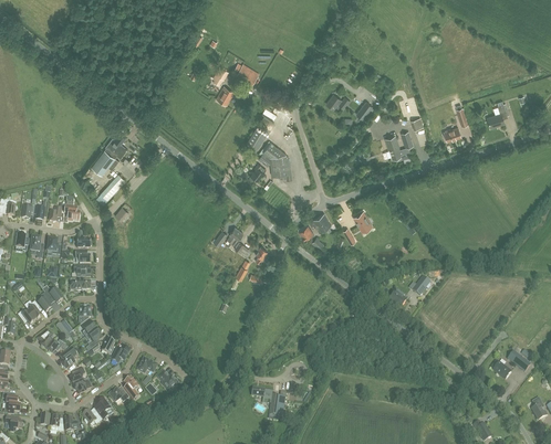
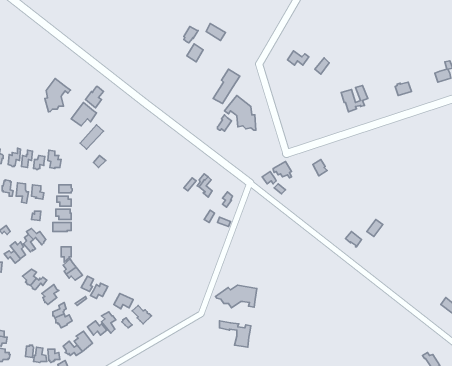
building: none -> [45,79,70,112]
building: none -> [215,285,257,308]

